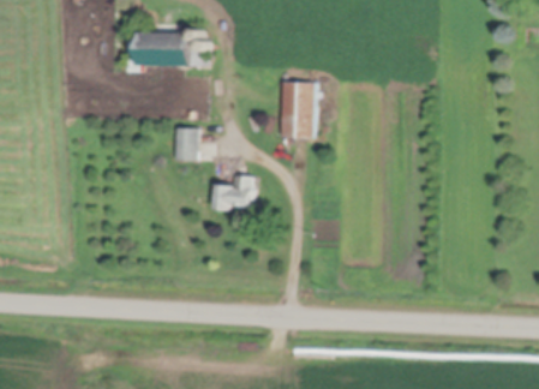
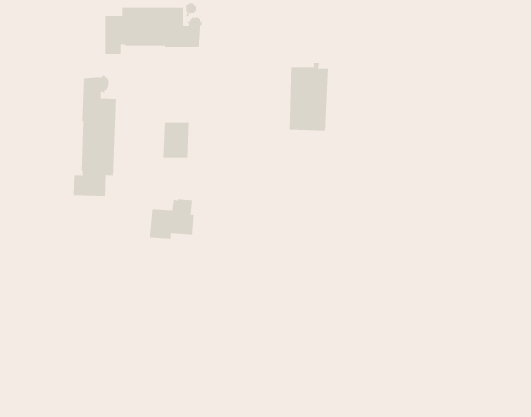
building: none -> [73,75,117,197]
building: [215,175,253,210] -> [149,198,194,240]

